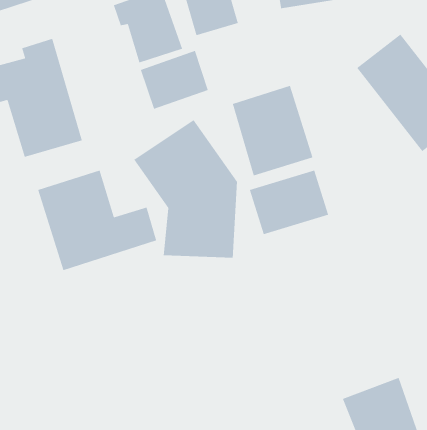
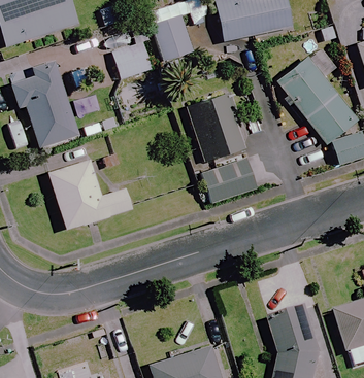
building: [140,50,209,110] -> none
building: [133,119,238,259] -> none

